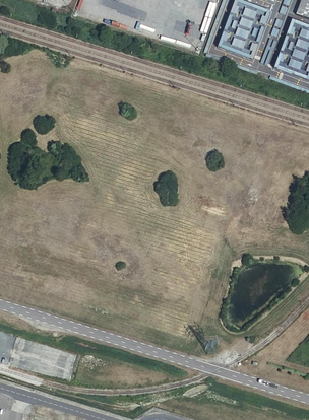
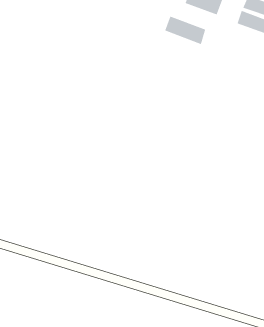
building: none -> [164,16,206,45]

